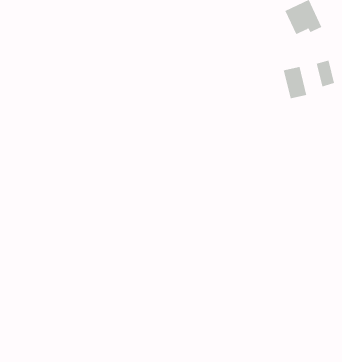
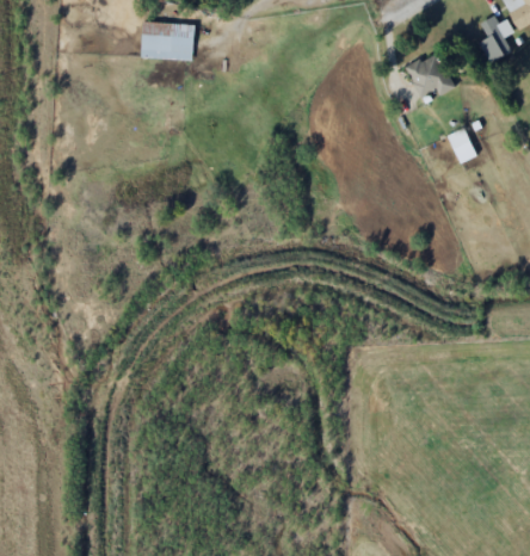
building: [283,66,307,99] -> none

